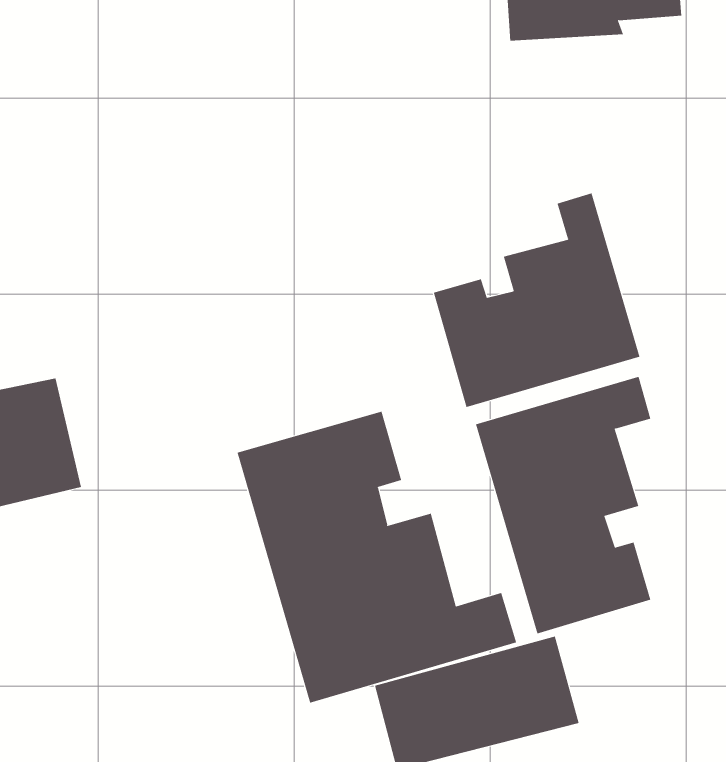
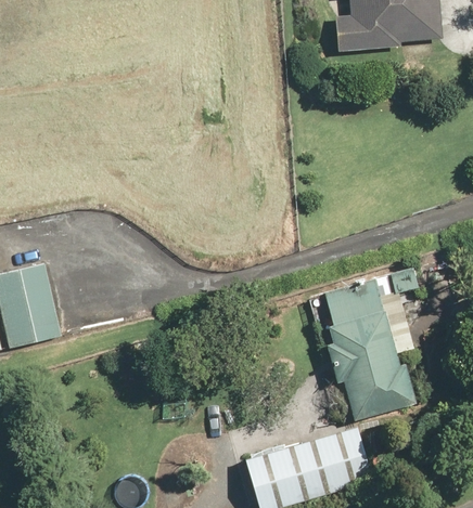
building: [433,192,640,408] -> none
building: [237,411,517,703] -> none

